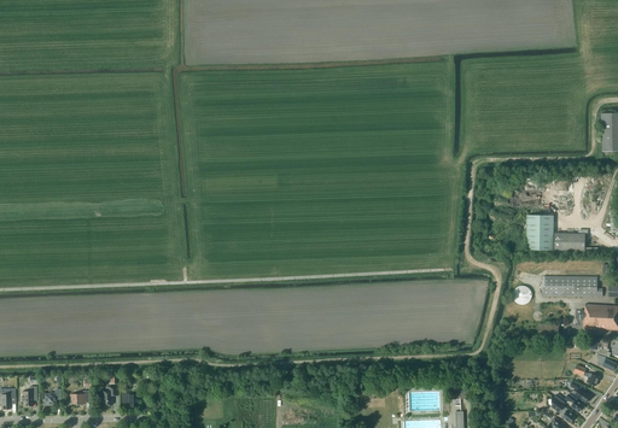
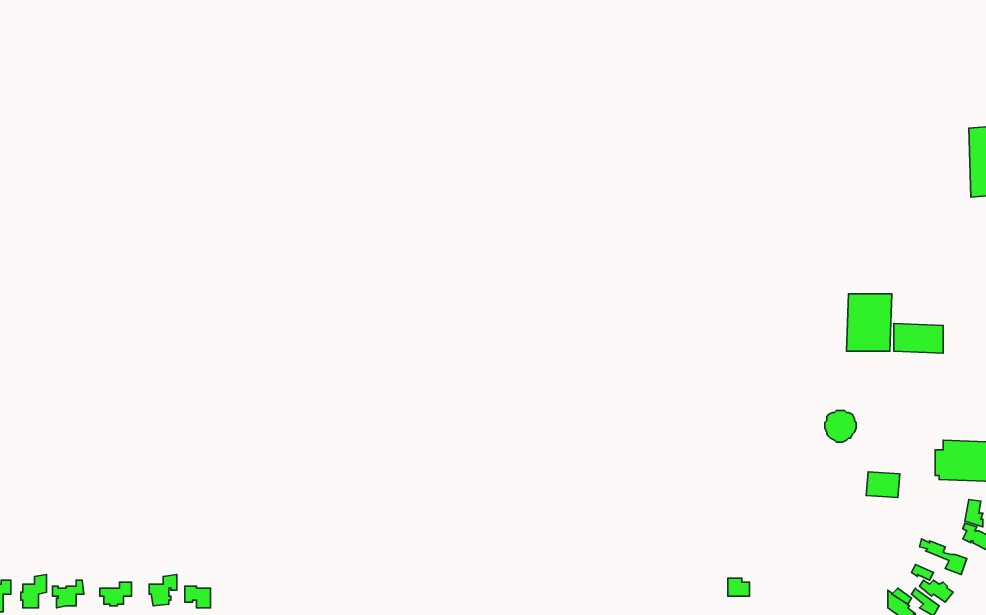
building: [543,276,602,297] -> none

